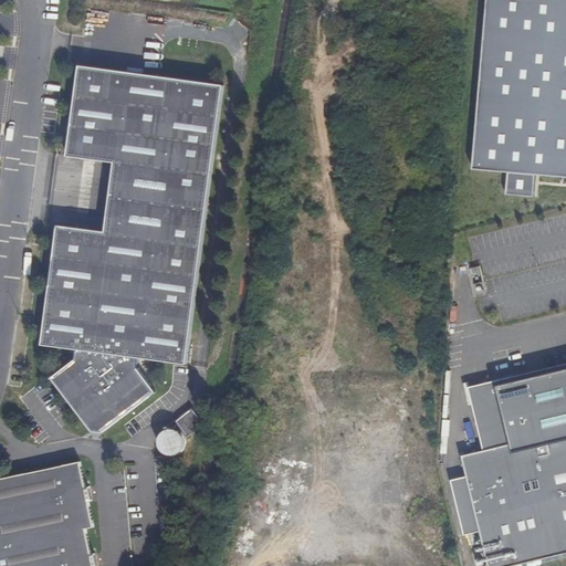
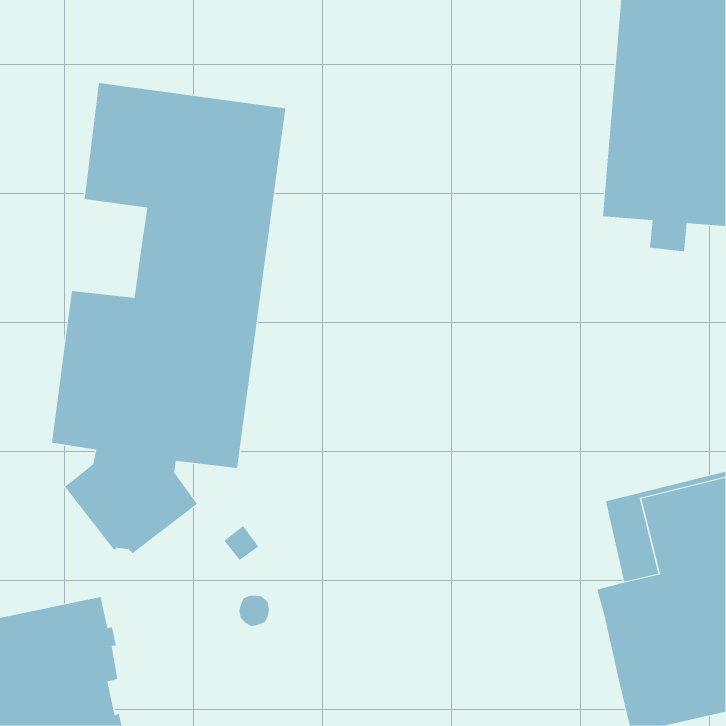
building: [160,431,185,455] -> [238,595,270,626]
building: [453,478,481,535] -> none

